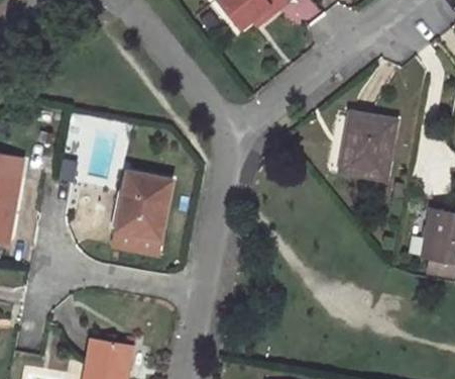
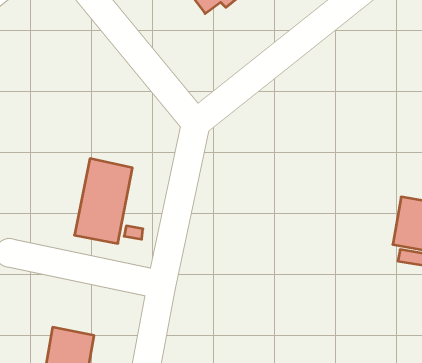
building: [341,112,395,177] -> none

